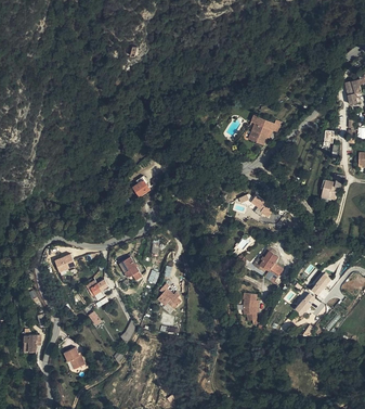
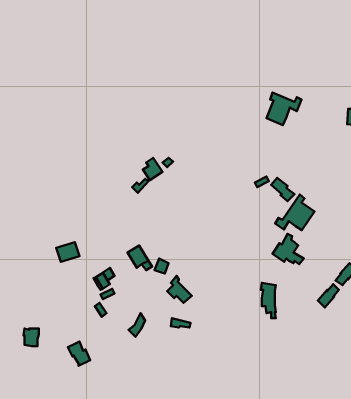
building: none -> [275,195,314,230]

